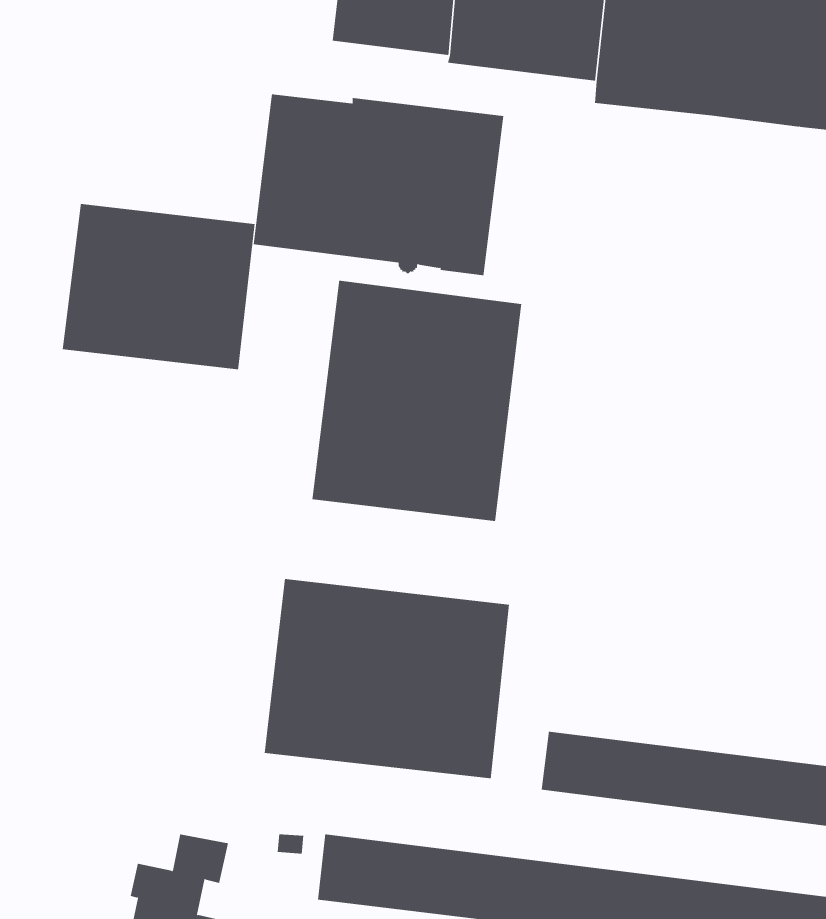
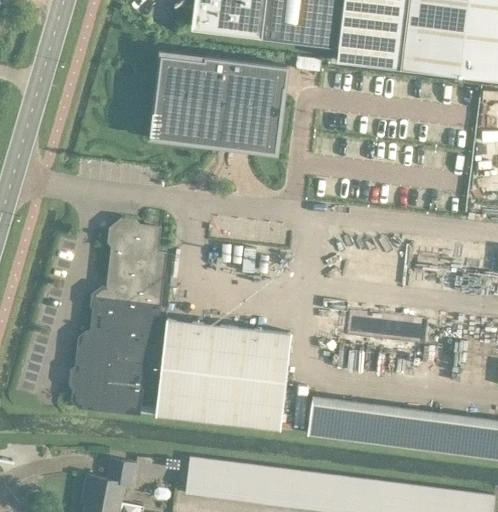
building: [62,203,255,370] -> none
building: [312,280,522,522] -> none
building: none -> [72,224,163,413]

